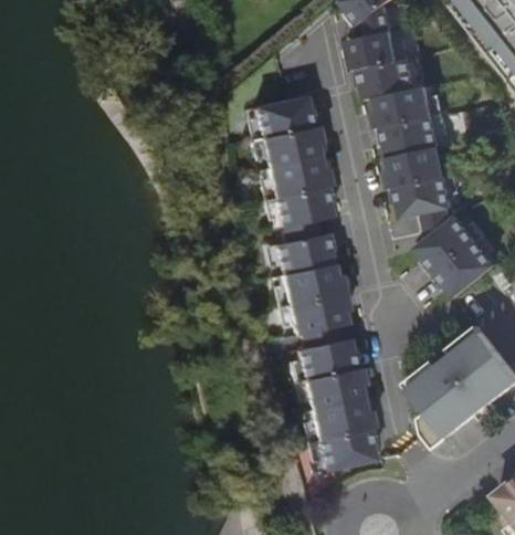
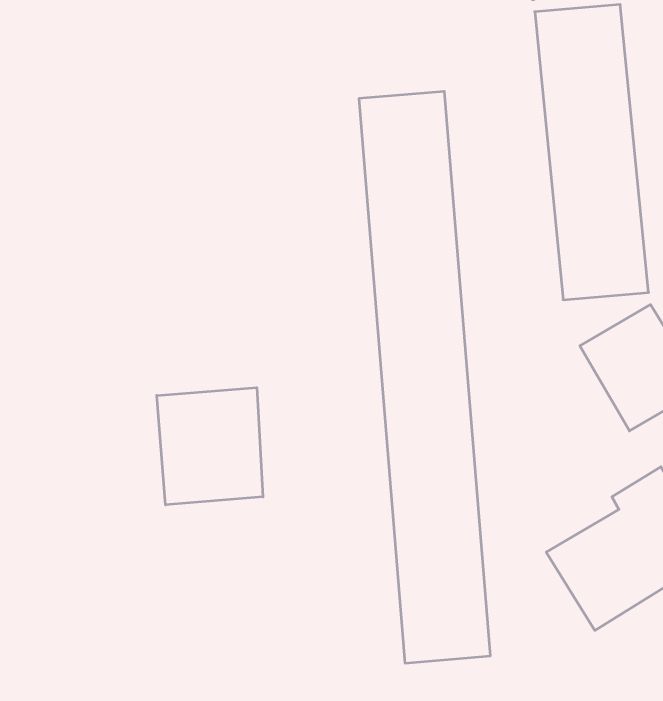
building: none -> [157,388,263,505]

